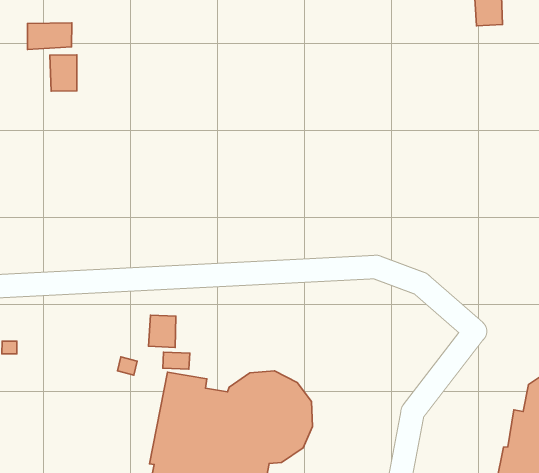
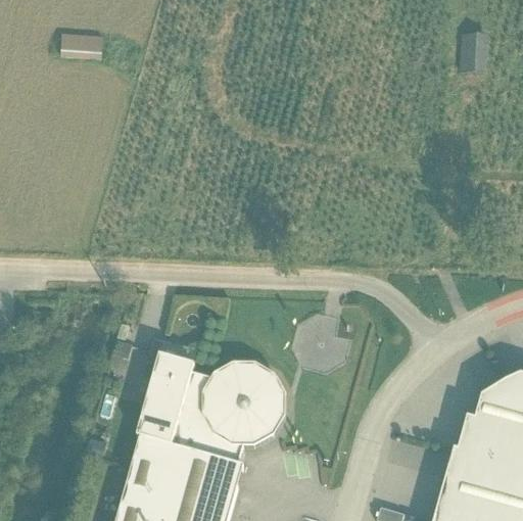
building: [50,55,77,91] -> none
building: [149,315,176,347] -> none

